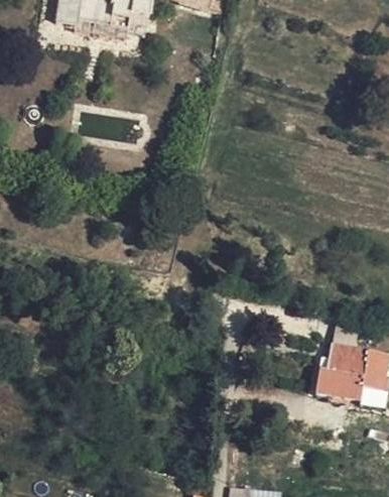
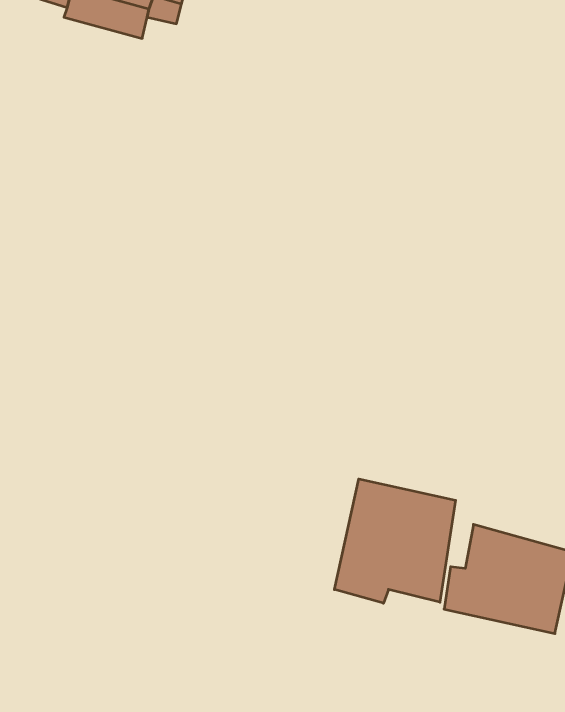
building: none -> [334,479,456,603]

